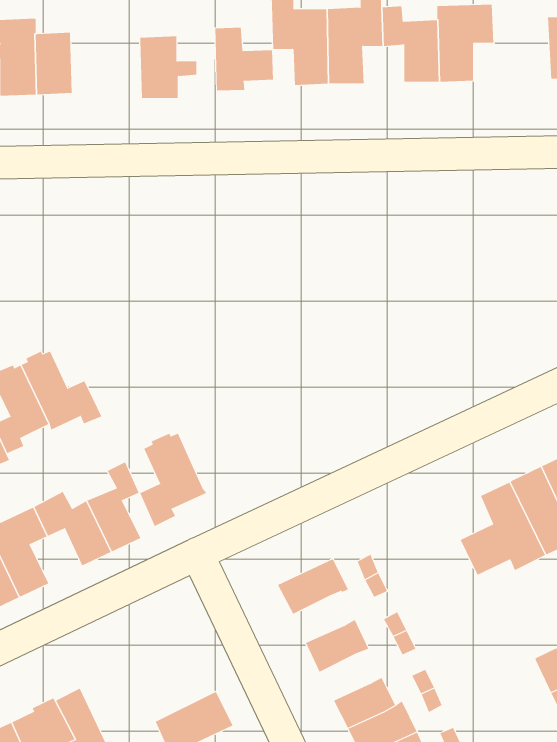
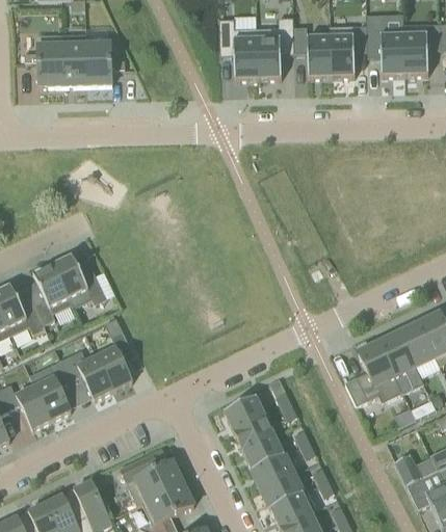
building: none -> [381,29,405,75]
building: [215,27,274,91] -> none
building: [140,36,197,98] -> [86,43,125,84]
building: [140,433,207,527] -> none
building: none -> [234,416,276,450]
building: none -> [120,452,183,506]
building: none -> [252,454,293,488]

